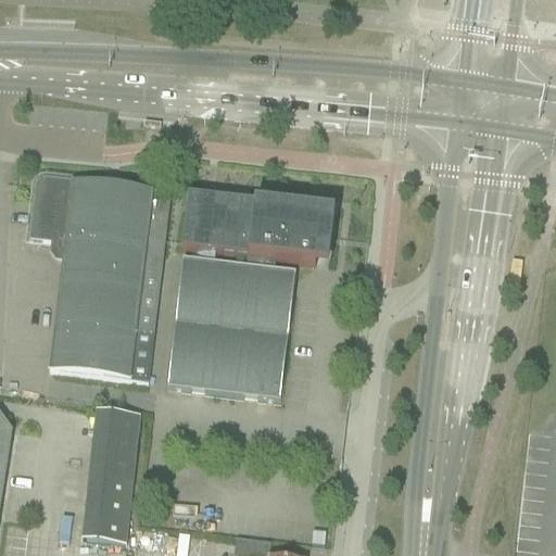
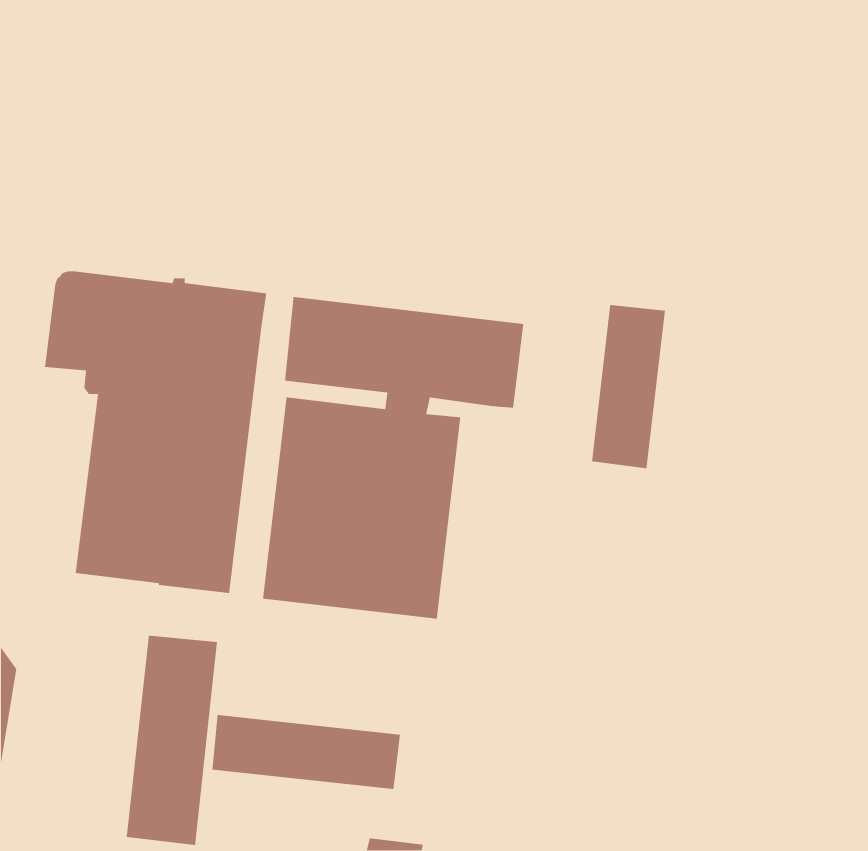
building: none -> [591,304,666,469]
building: none -> [212,714,401,790]

